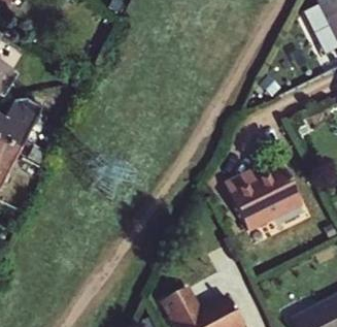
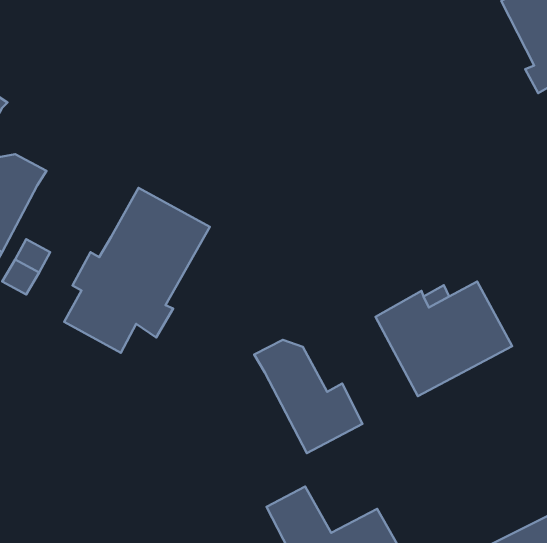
building: none -> [64,188,210,353]
building: none -> [254,340,362,453]

